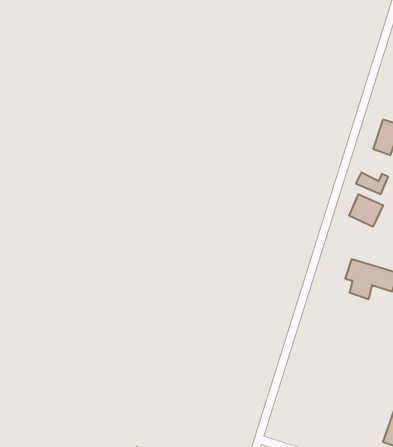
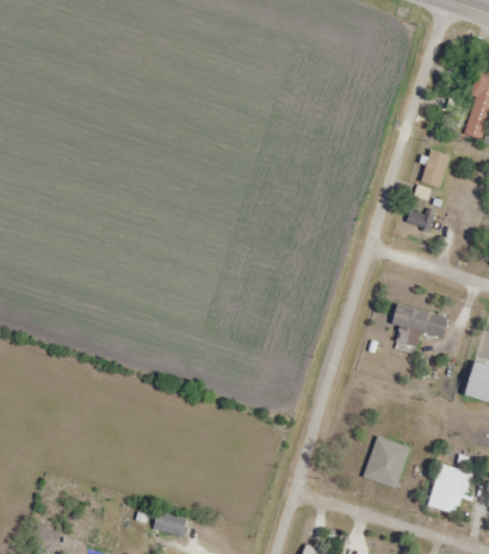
building: [349,194,383,227] -> none
building: none -> [366,448,397,476]

